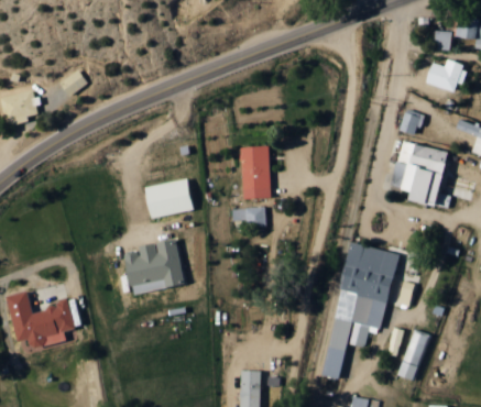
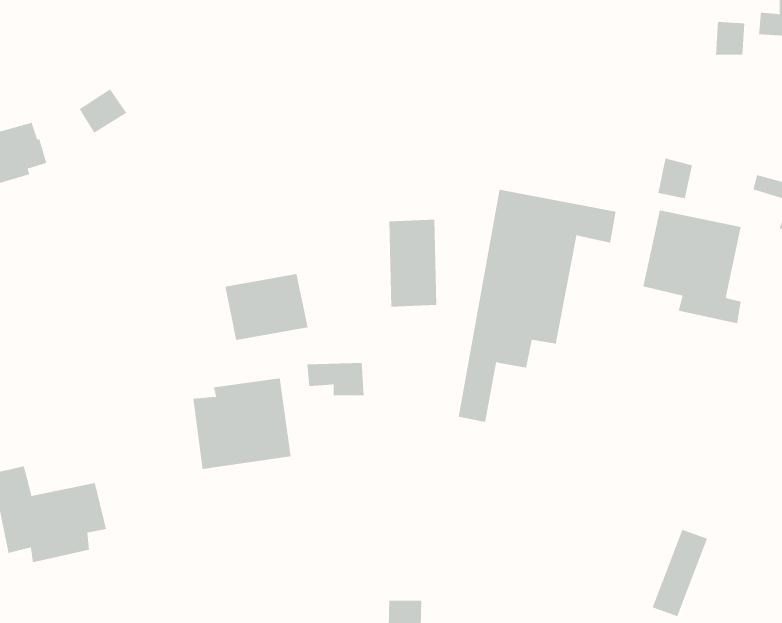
building: [425,58,467,91] -> none
building: [230,207,264,227] -> [307,362,365,396]
building: [323,241,416,378] -> [458,189,616,422]

